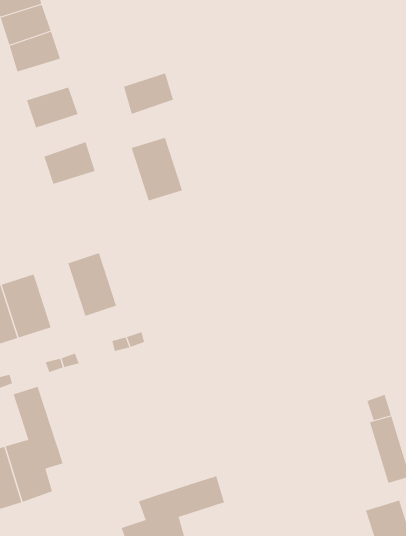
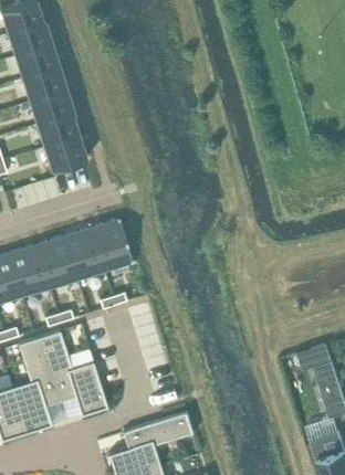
building: none -> [21,66,64,101]
building: [123,72,174,115] -> [36,112,79,147]
building: [131,137,183,201] -> [90,218,133,271]
building: none -> [35,235,77,288]
building: none -> [39,330,107,415]

